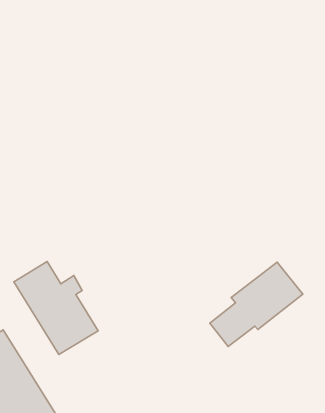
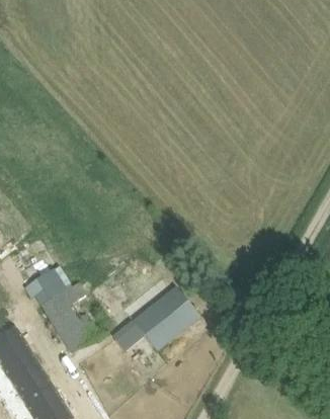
building: [210,262,303,347] -> [109,286,197,366]

